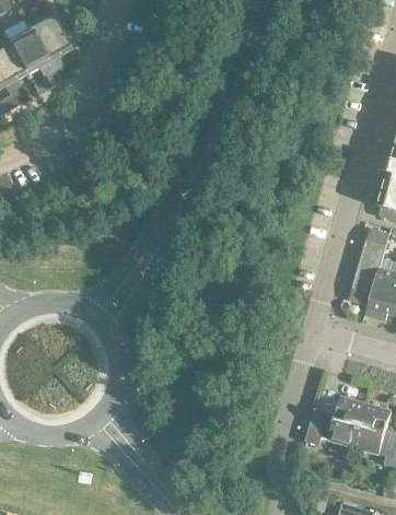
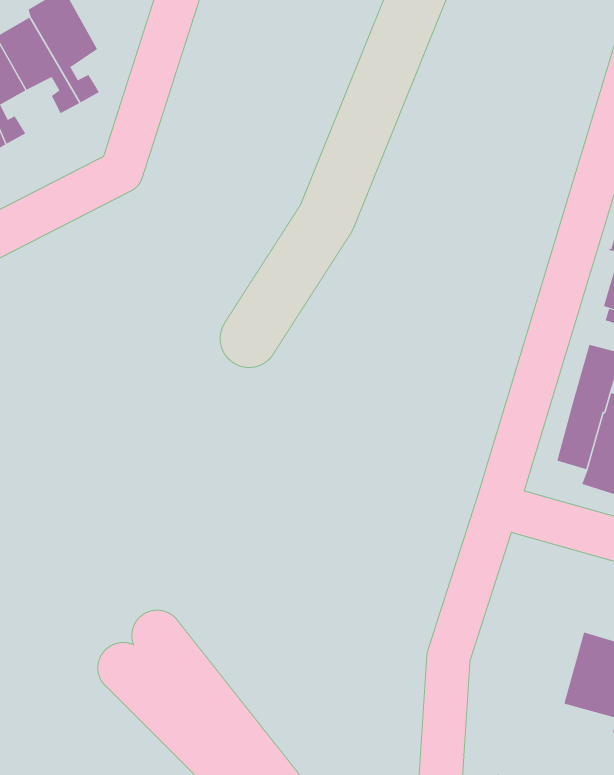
building: [303,396,364,446] -> none

